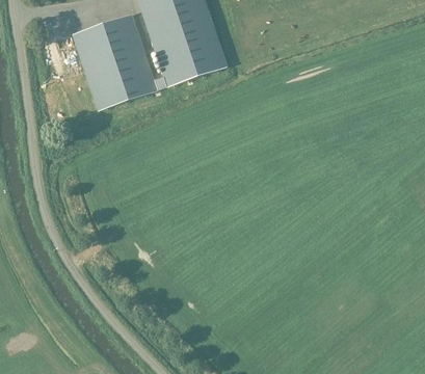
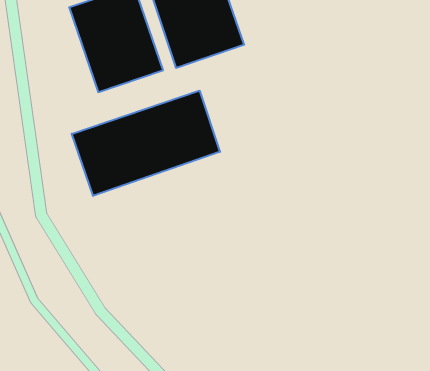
building: none -> [72,91,220,196]

